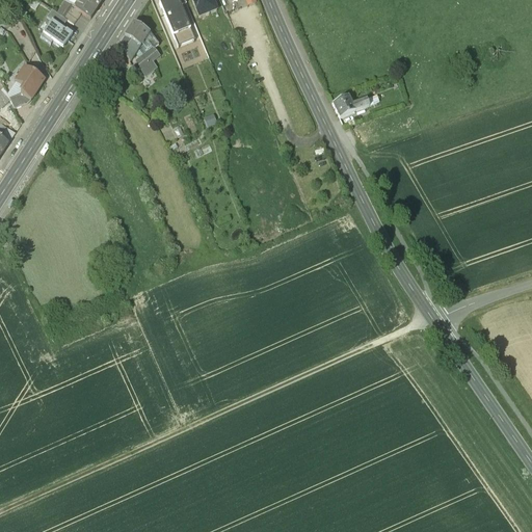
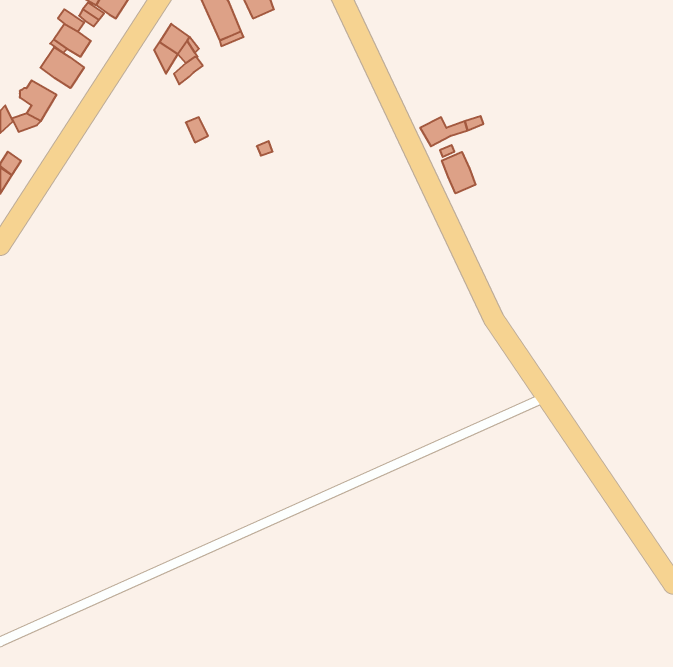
building: none -> [40,47,84,88]
building: none -> [442,152,476,193]

